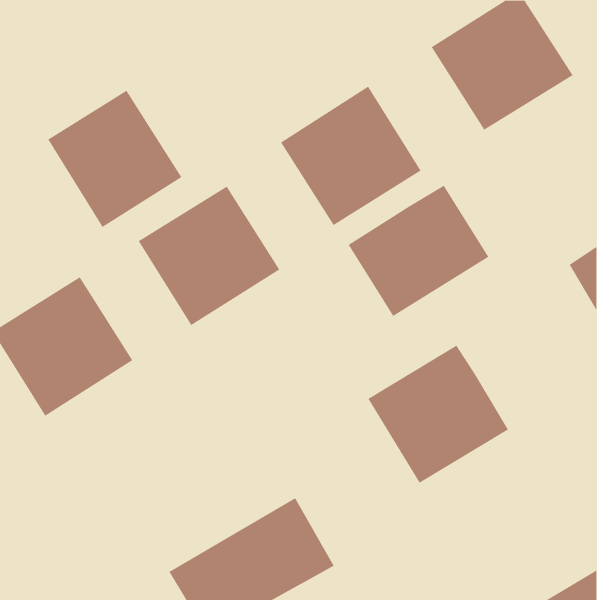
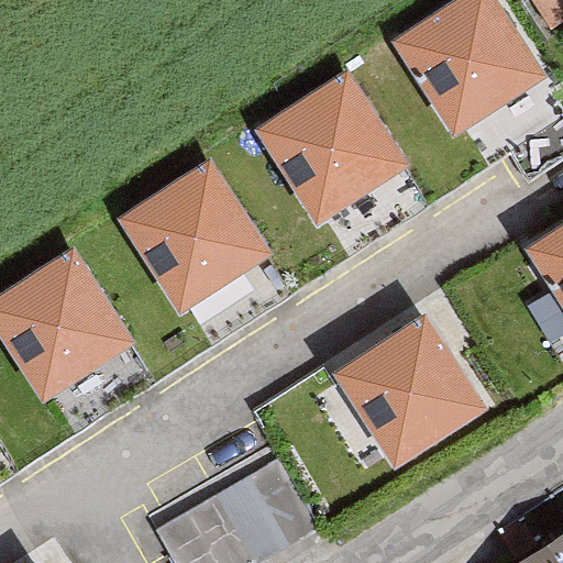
building: [47,90,182,228] -> none
building: [348,185,489,317] -> none

